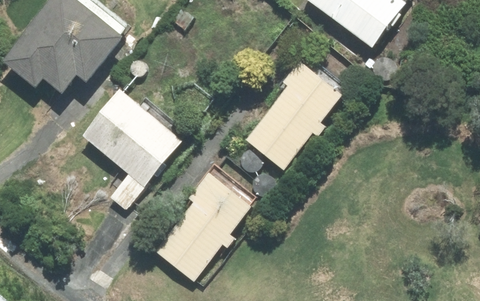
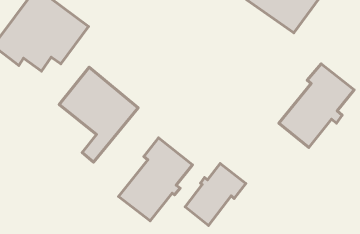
building: [246,64,339,167] -> [279,64,354,148]
building: none -> [185,163,246,225]

